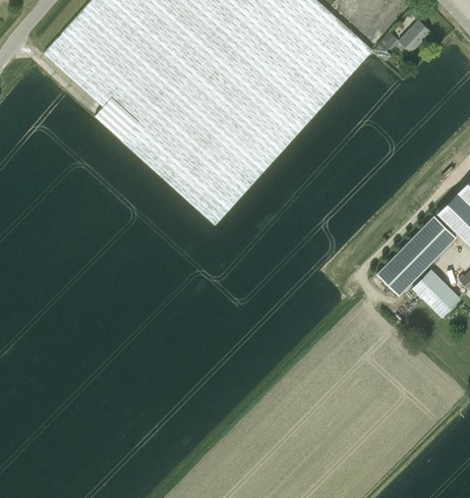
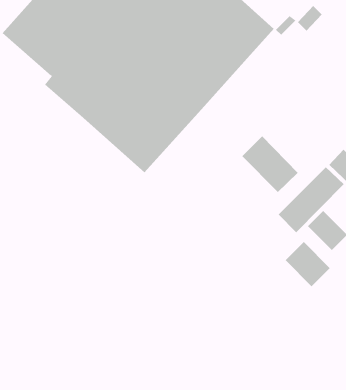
building: none -> [241,135,299,193]
building: none -> [285,241,331,287]

